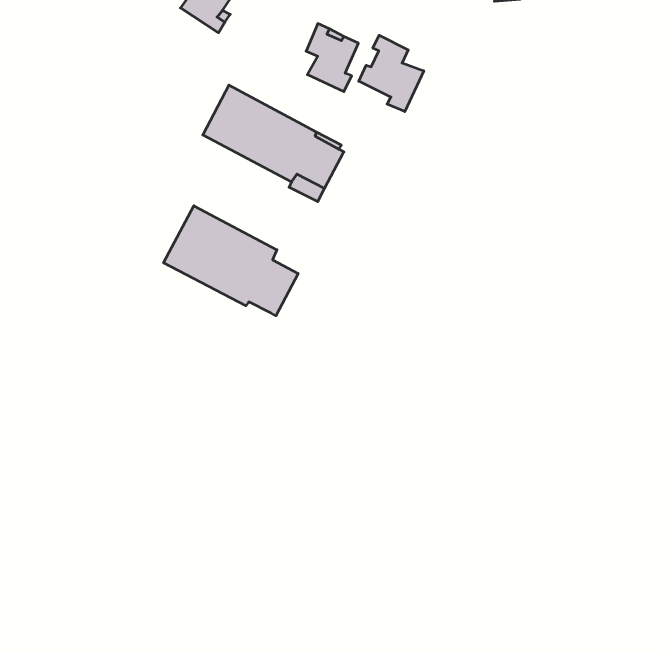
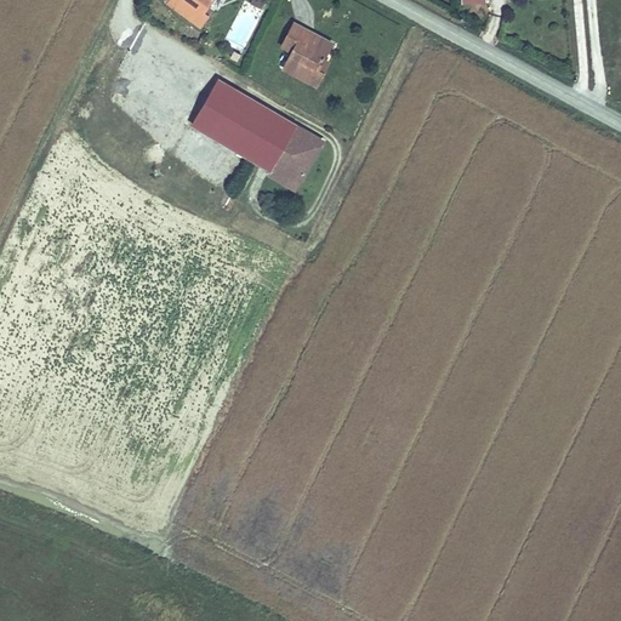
building: [359,35,424,112] -> none
building: [164,206,298,316] -> none

